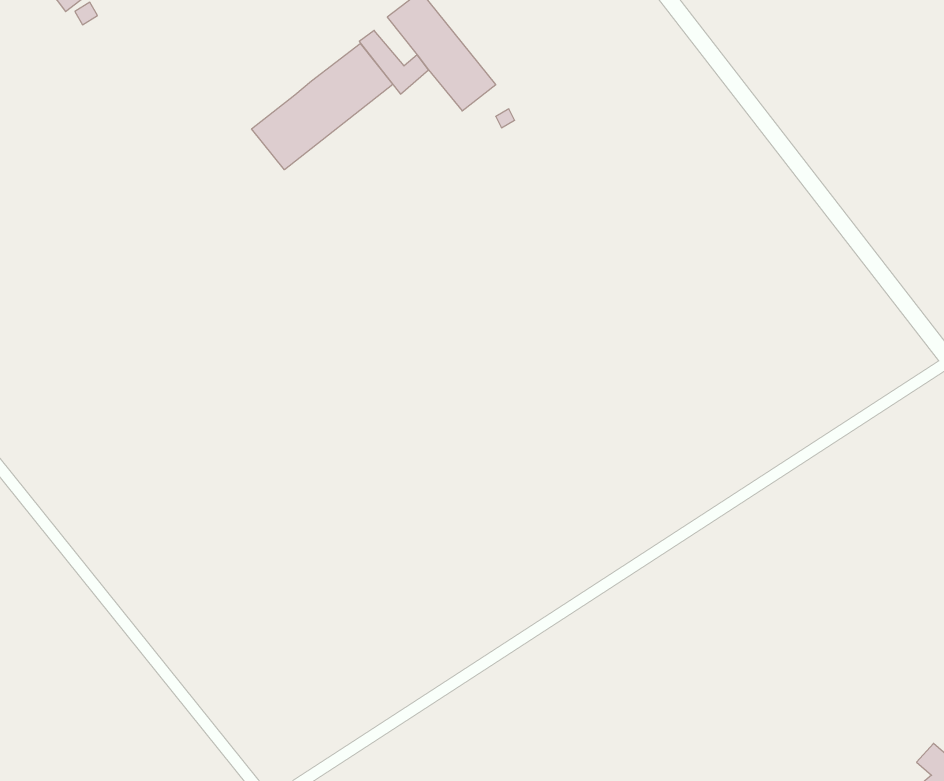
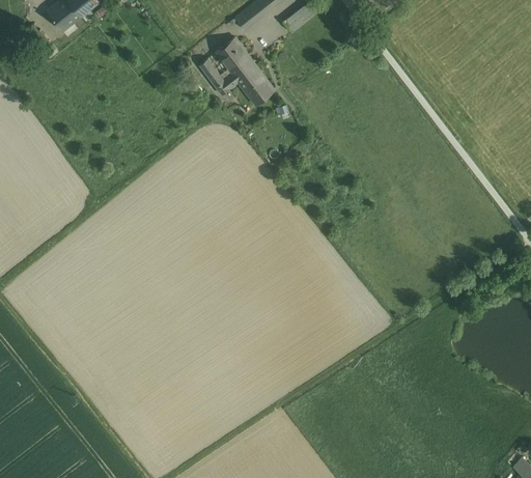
building: [252,44,393,170] -> none

